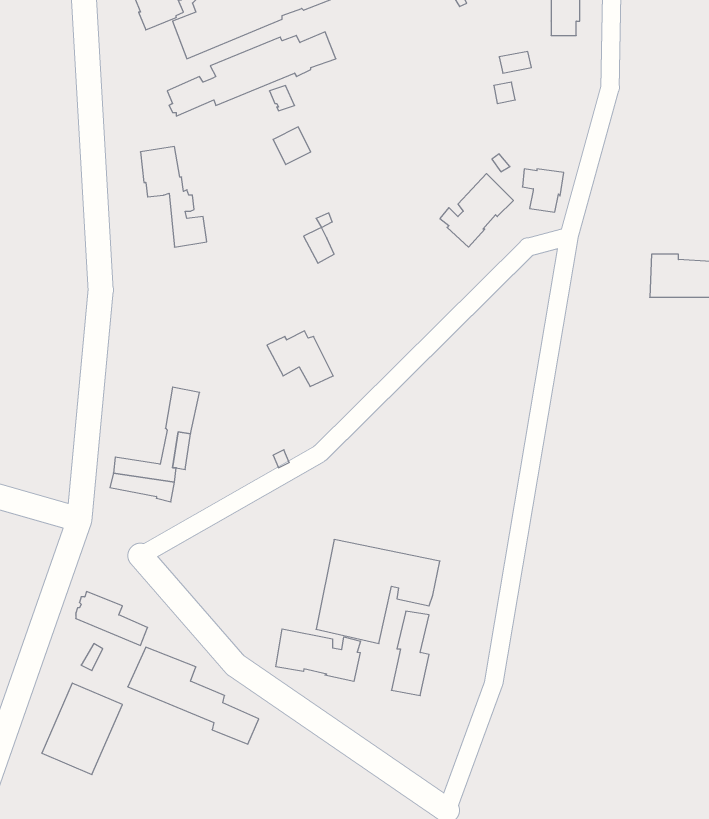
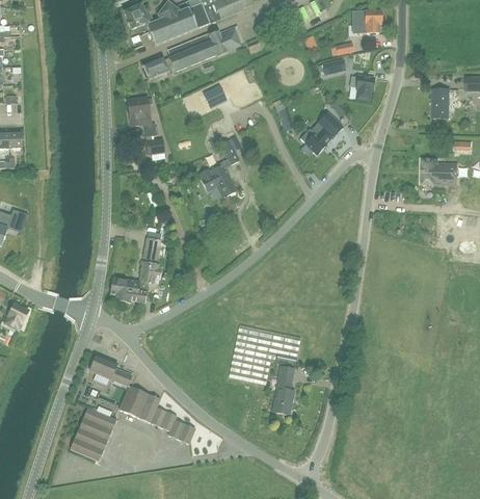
building: none -> [432,88,449,117]
building: [522,169,564,212] -> [350,76,374,101]
building: [267,331,333,387] -> [197,164,236,196]
building: [276,629,361,681] -> none

